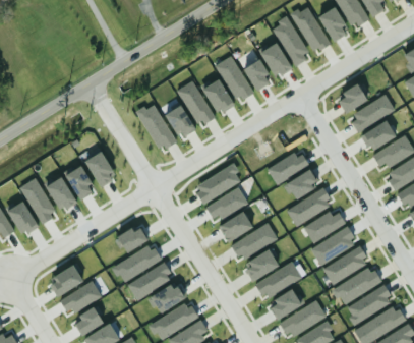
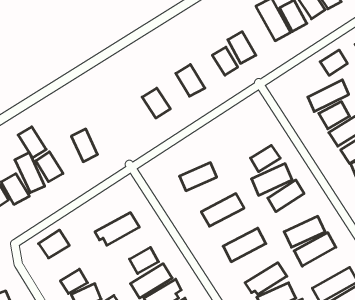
building: [273,16,310,64] -> none
building: [218,55,252,101] -> none
building: [178,80,216,125] -> none
building: [337,84,367,113] -> [320,50,347,75]
building: [137,103,177,151] -> none
building: [268,150,308,184] -> none
building: [194,164,243,205] -> none
building: [64,166,96,201] -> [18,127,46,158]
building: [219,212,253,241] -> none
building: [118,226,147,251] -> none
building: [311,227,357,265] -> none
building: [244,248,279,280] -> none
building: [128,264,174,299] -> none
building: [60,282,103,315] -> none
building: [346,285,394,324] -> none
building: [269,290,302,319] -> none

